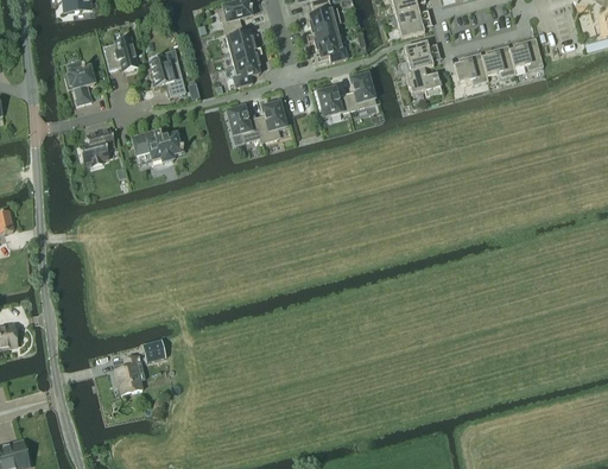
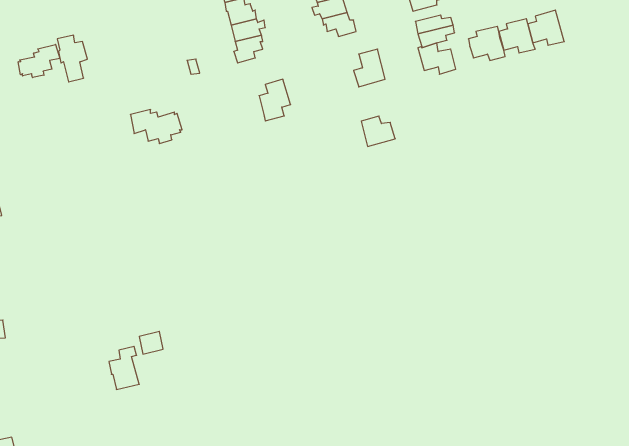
building: [102,37,137,69] -> none
building: [150,55,185,94] -> none
building: none -> [18,44,60,78]
building: [317,87,349,115] -> [361,116,395,146]
building: [226,106,260,140] -> none
building: [78,127,114,164] -> none

